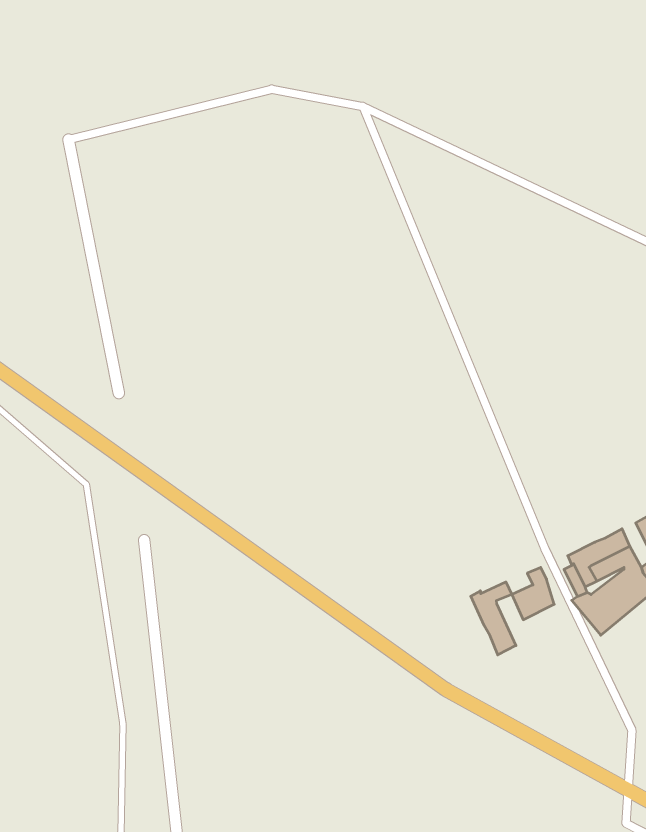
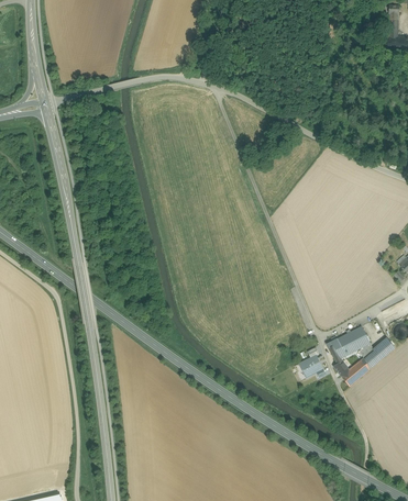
building: [471,582,516,655] -> none

